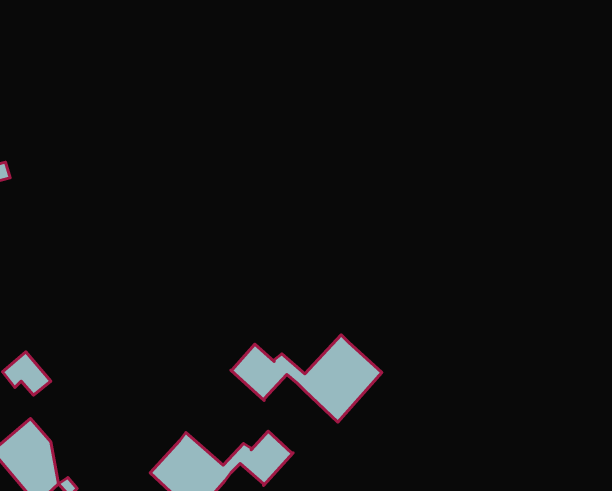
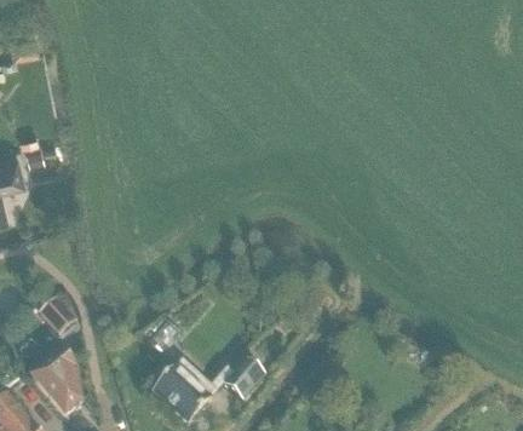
building: [231,335,382,422] -> none

